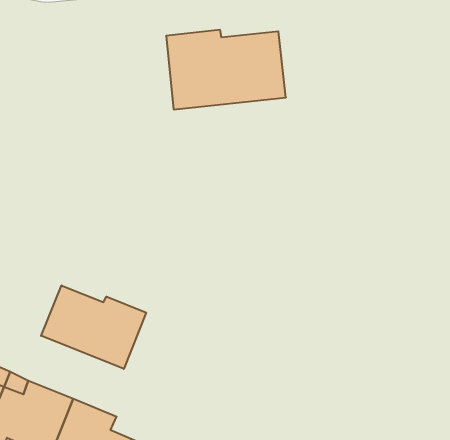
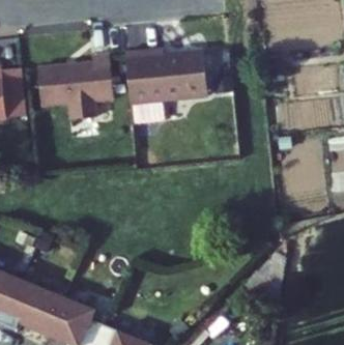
building: none -> [42,49,118,109]
building: [41,285,146,369] -> none

